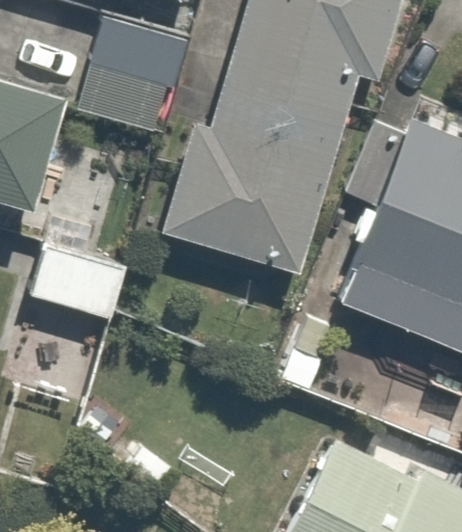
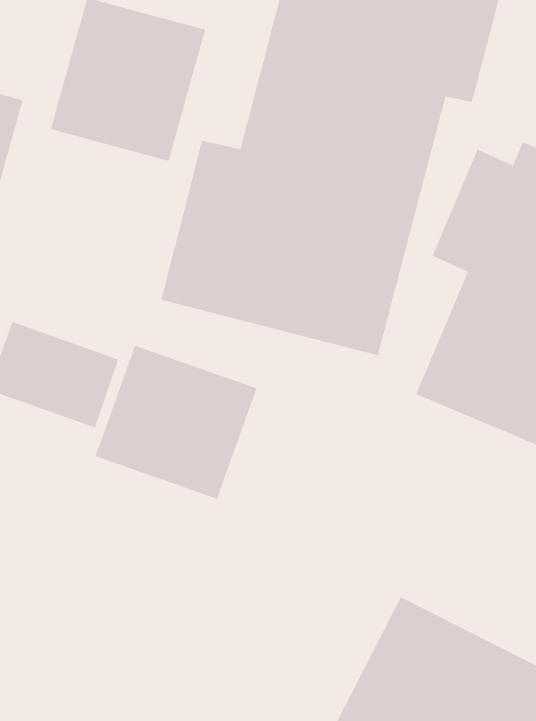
building: none -> [94,345,258,500]

